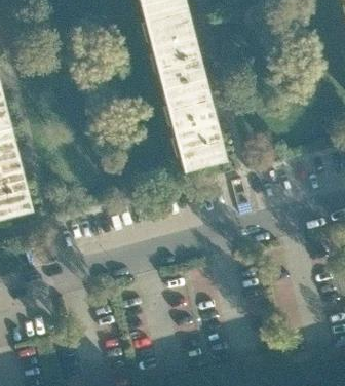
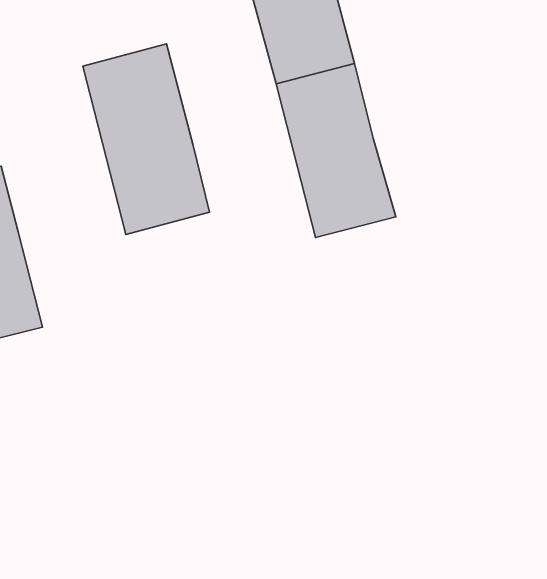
building: none -> [83,44,210,235]

